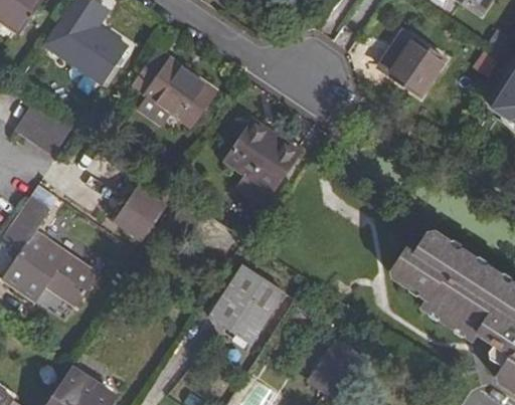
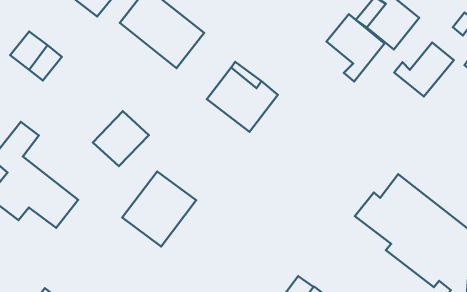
building: none -> [327,14,384,81]
building: none -> [394,42,454,97]
building: [208,266,285,345] -> [122,171,196,246]

